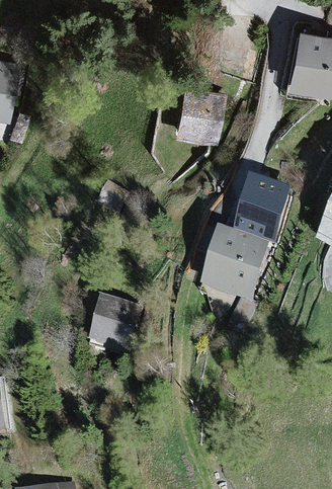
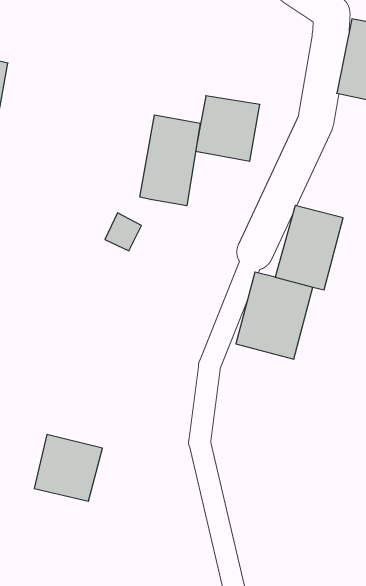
building: none -> [140,115,200,206]
building: [89,299,144,352] -> [34,434,102,501]

